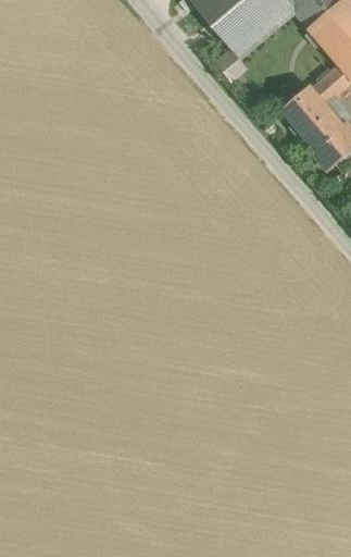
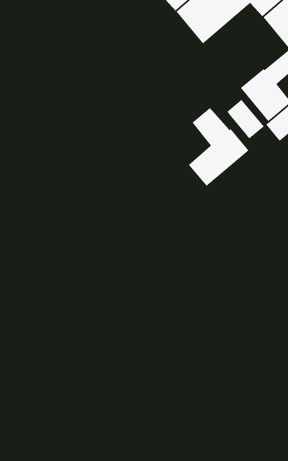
building: none -> [226,99,265,139]
building: none -> [188,107,250,187]

